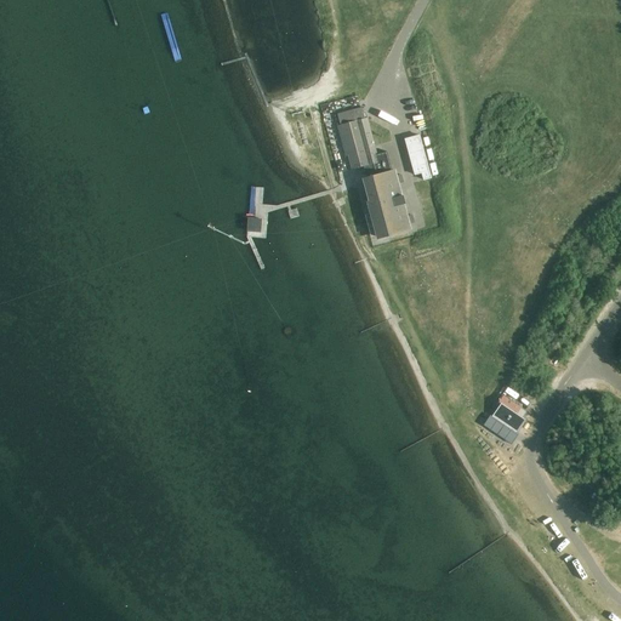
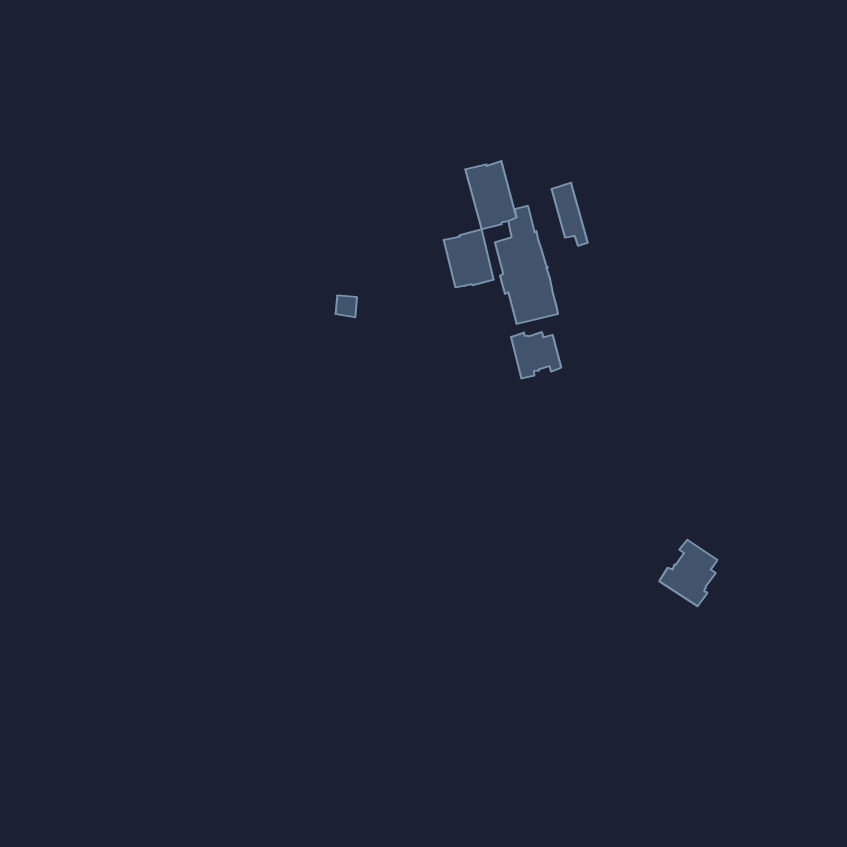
building: none -> [444,229,493,287]
building: none -> [511,332,561,379]

